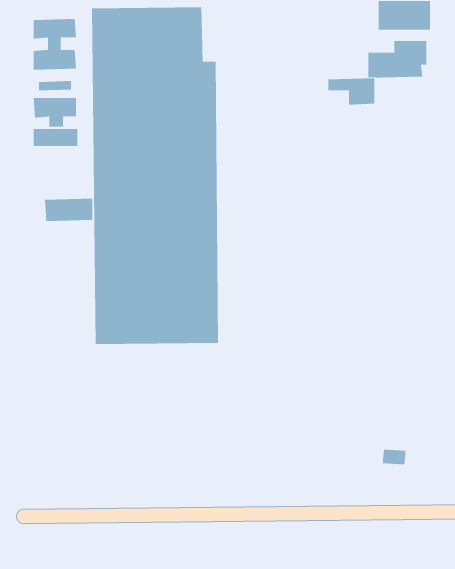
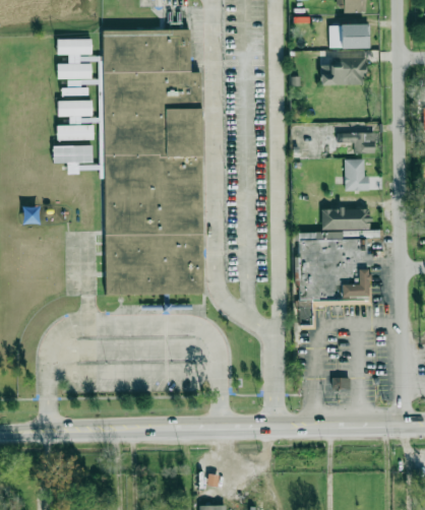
building: [327,78,375,105] -> [338,131,375,152]
building: none -> [345,158,368,190]
building: [44,198,93,221] -> [53,144,92,163]
building: none -> [296,207,372,324]

